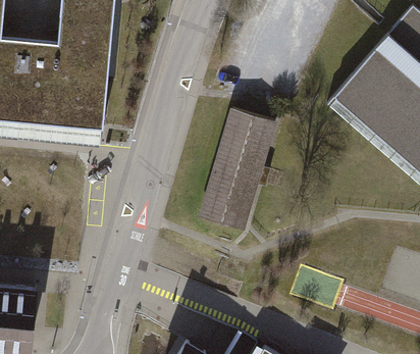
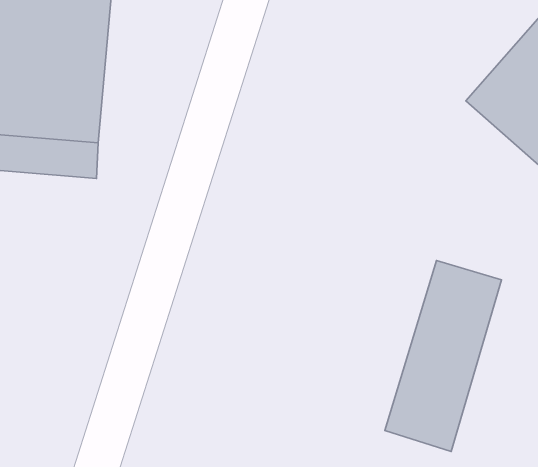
building: [200,108,273,229] -> [385,261,501,452]

